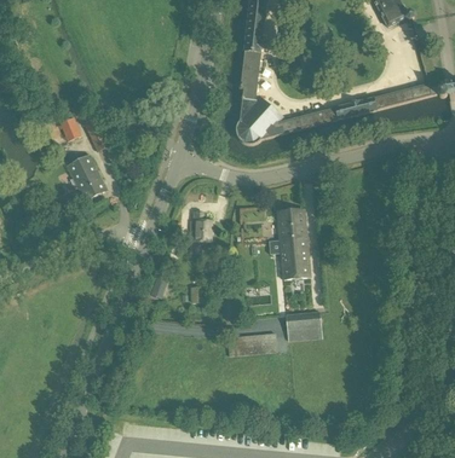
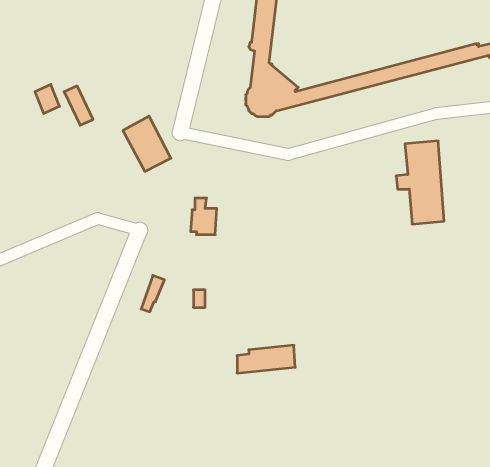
building: [68,155,108,201] -> [123,116,171,171]
building: [270,210,310,279] -> [396,141,444,224]
building: [287,312,322,341] -> none

